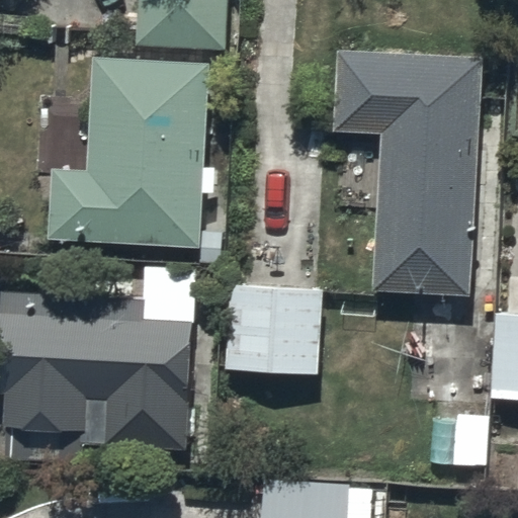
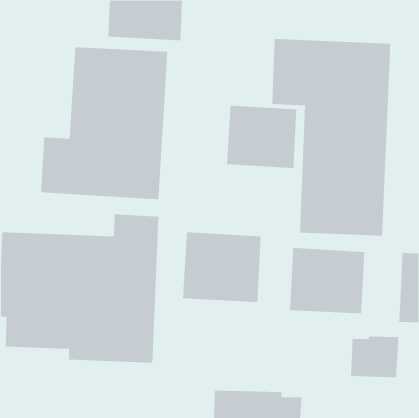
building: none -> [226,105,297,169]
building: none -> [290,247,365,314]

